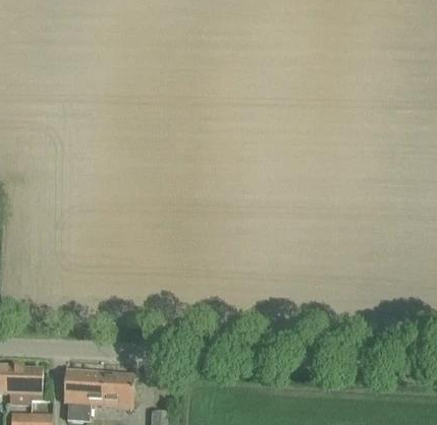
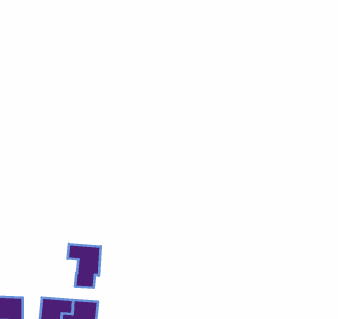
building: none -> [68,244,101,288]

